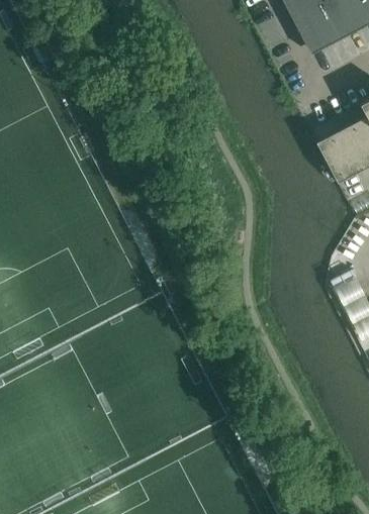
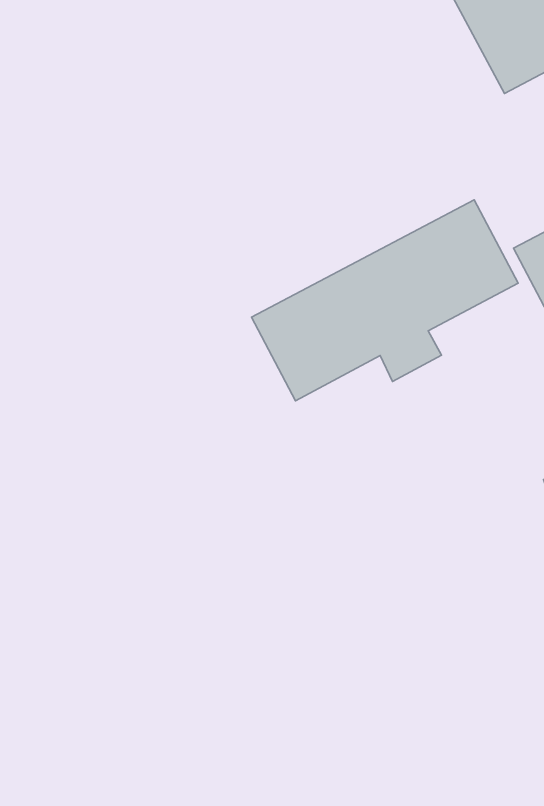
building: none -> [252,200,518,401]

